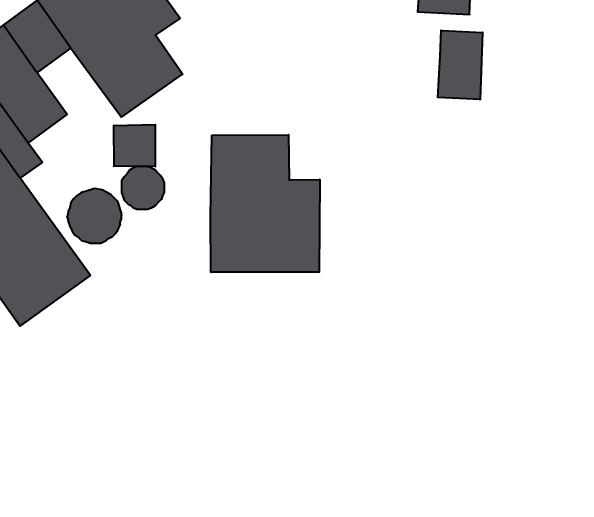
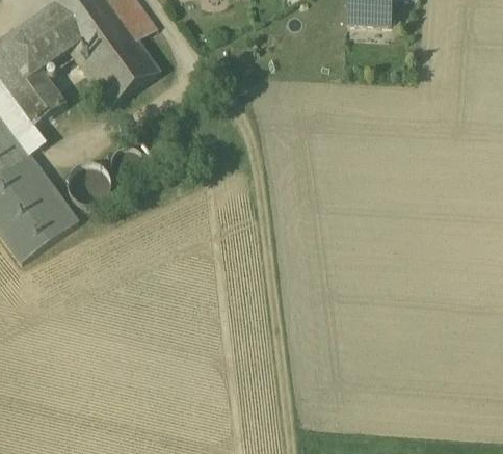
building: [438,30,483,100] -> none
building: [114,125,155,167] -> none
building: [210,135,320,272] -> none

